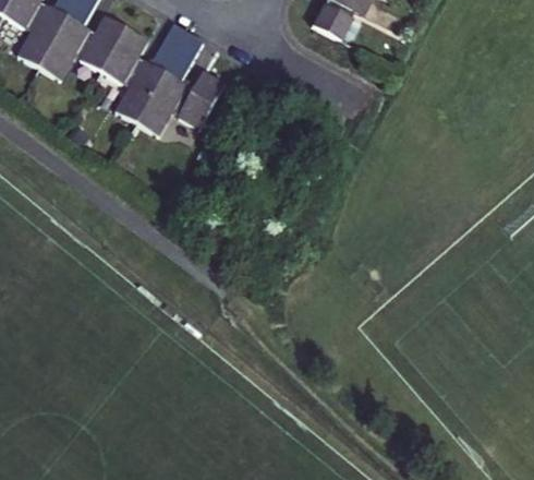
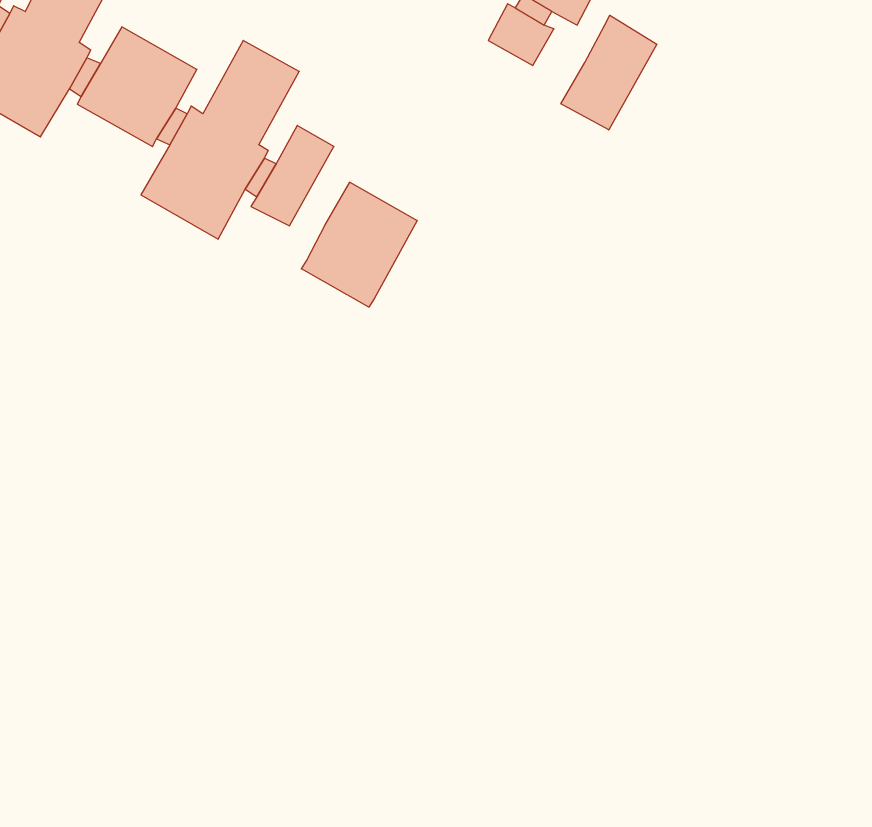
building: none -> [561,15,657,130]
building: none -> [301,182,417,307]

